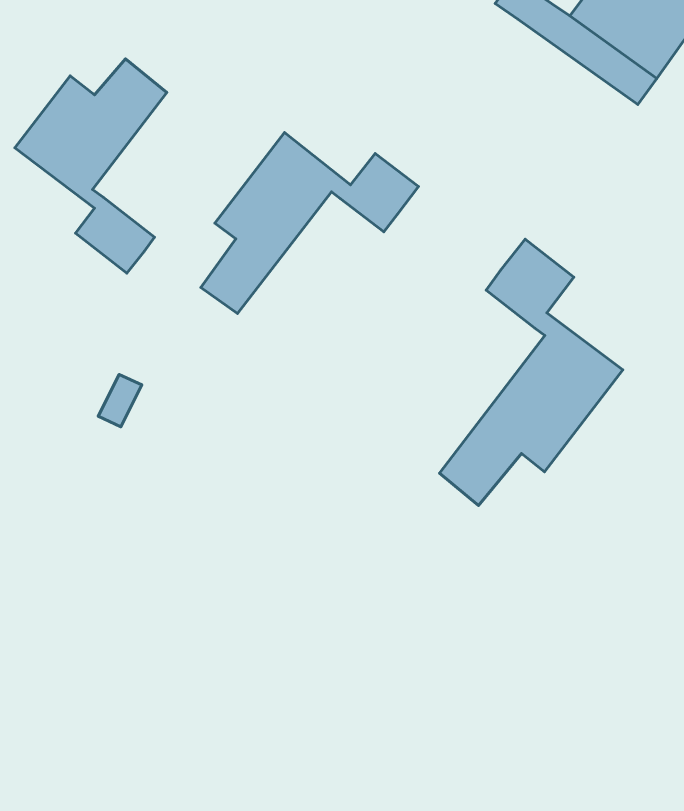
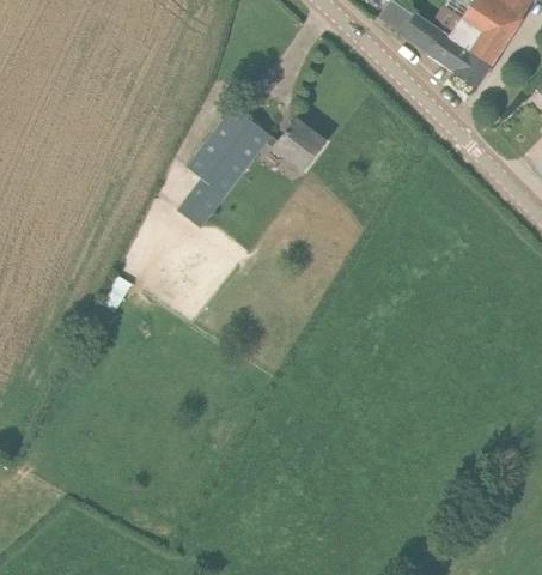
building: [15,59,167,273] -> none
building: [439,239,623,505] -> none

